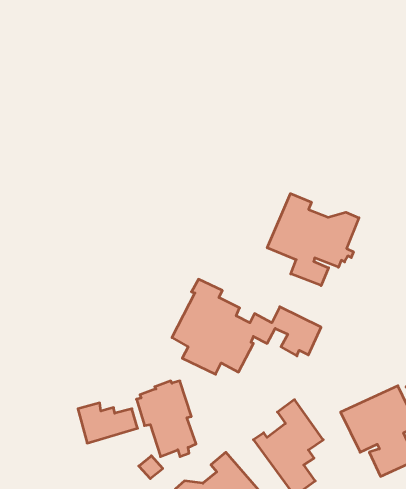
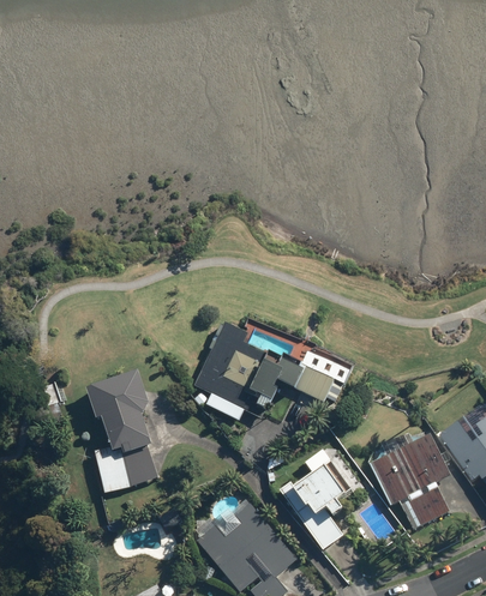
building: [267,194,359,286] -> none
building: [136,381,196,457] -> [85,373,148,452]

